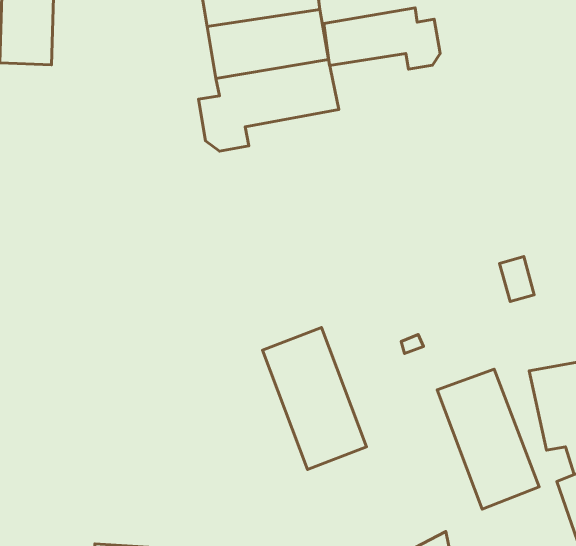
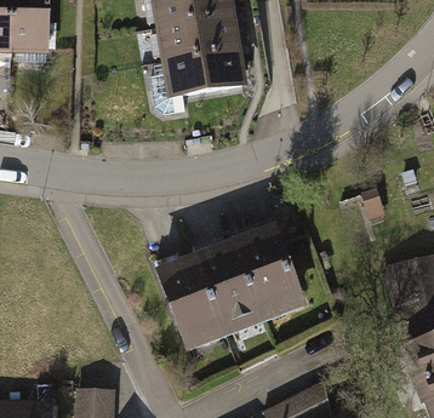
building: [324,8,440,69] -> none
building: none -> [155,252,225,349]
building: [437,369,539,509] -> [235,222,307,320]

